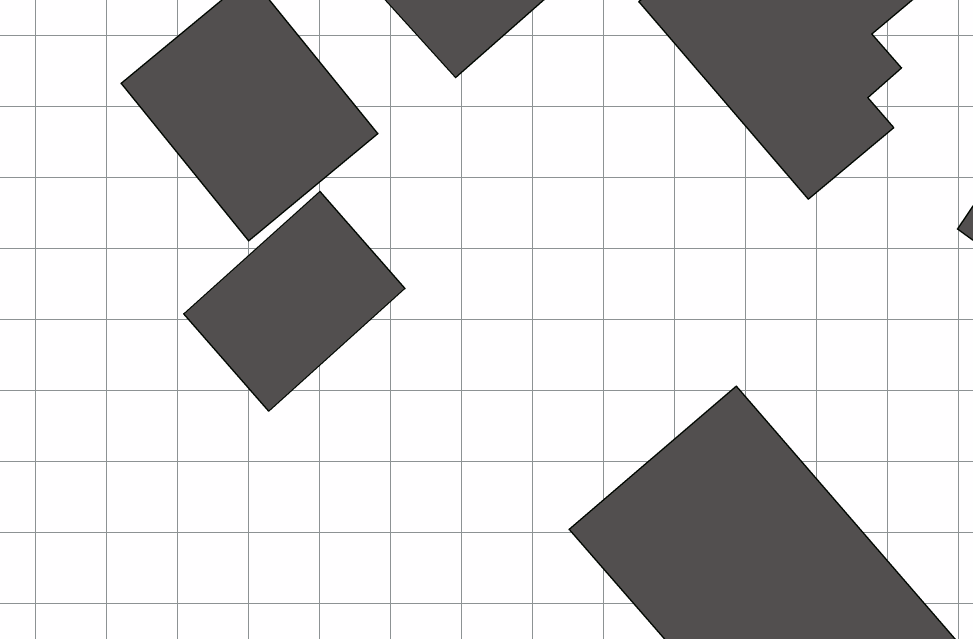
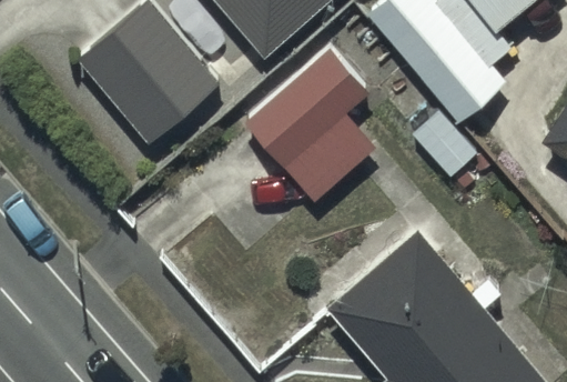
building: none -> [242,46,376,203]
building: [184,191,405,411] -> none

